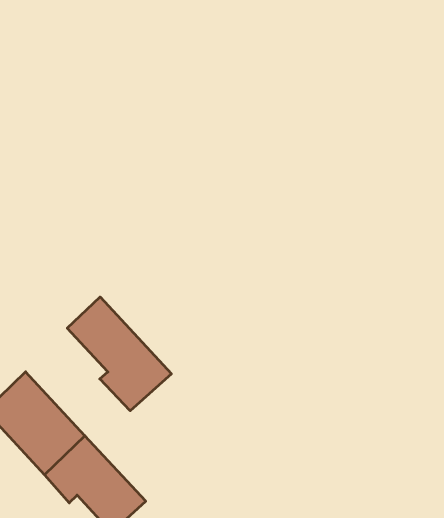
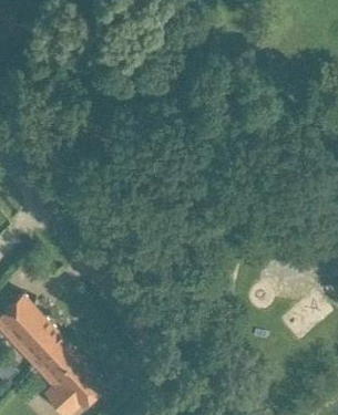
building: [67,297,171,411] -> none

